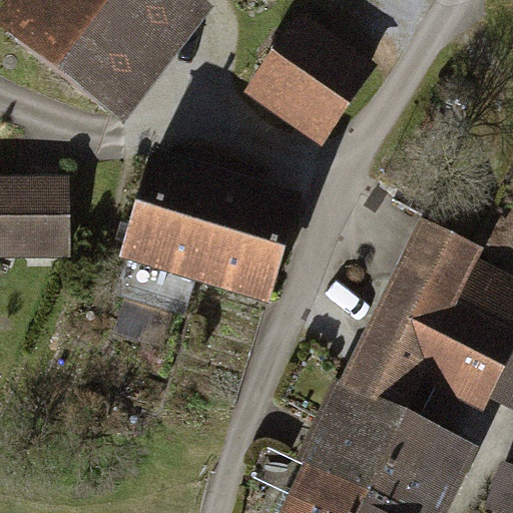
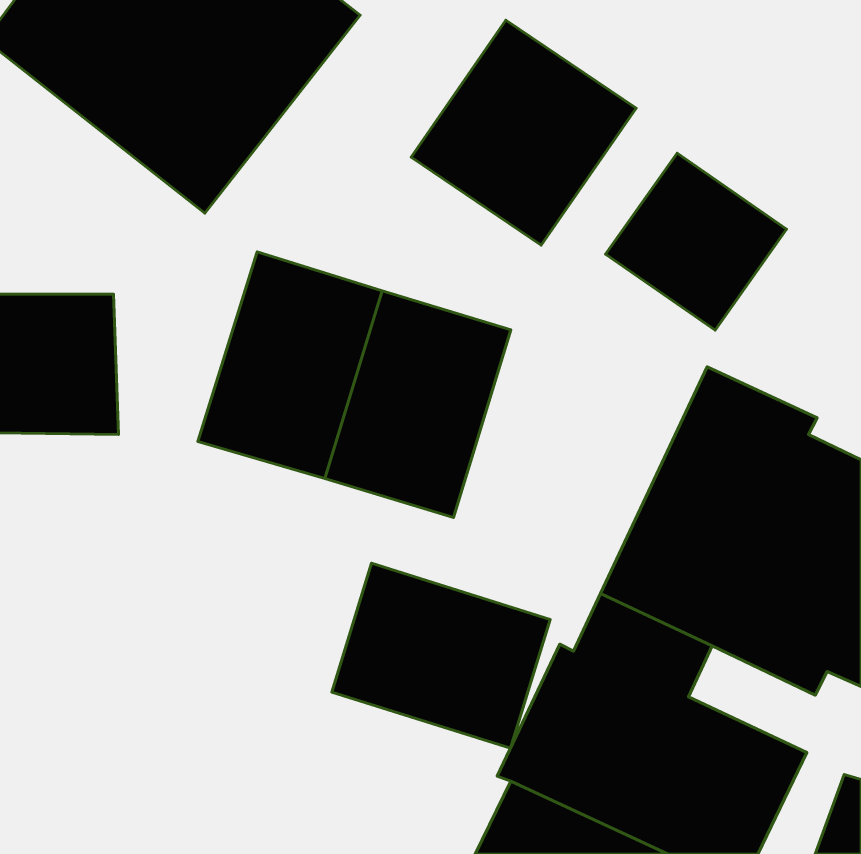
building: none -> [606,153,787,330]
building: none -> [332,563,550,748]

